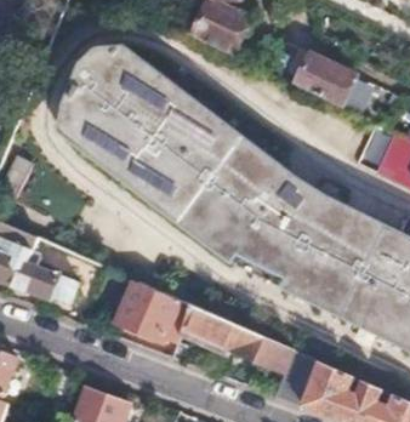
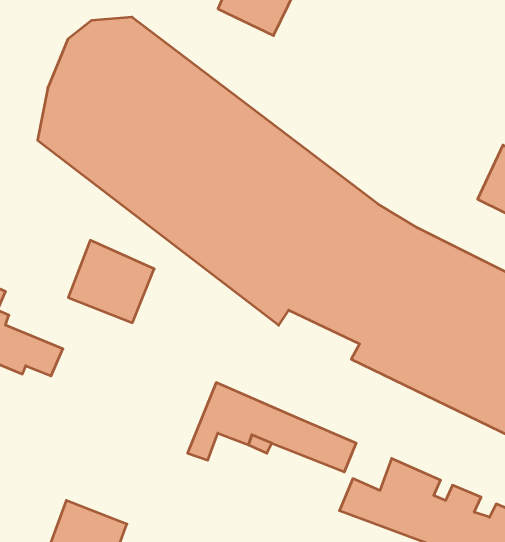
building: [295,53,355,108] -> none
building: [114,279,176,338] -> [68,240,154,323]

